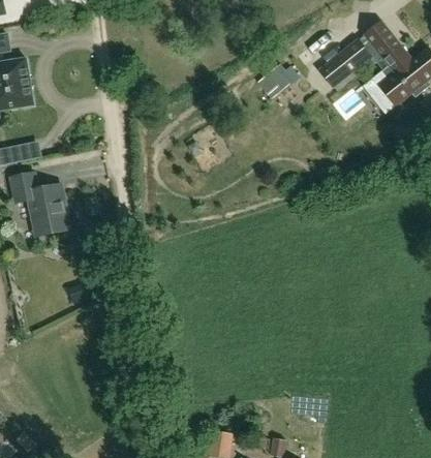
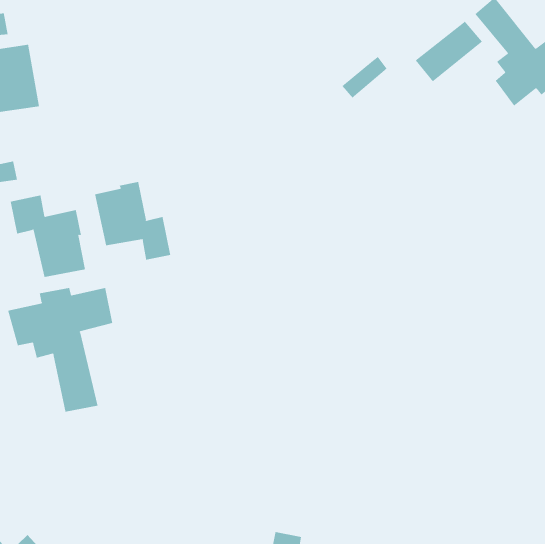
building: none -> [94,181,171,261]
building: none -> [7,287,113,412]

